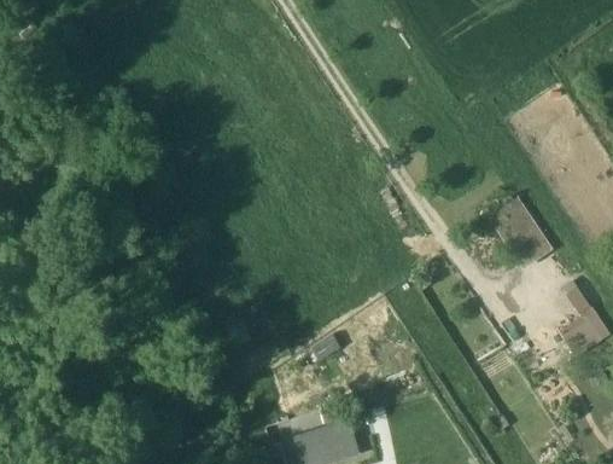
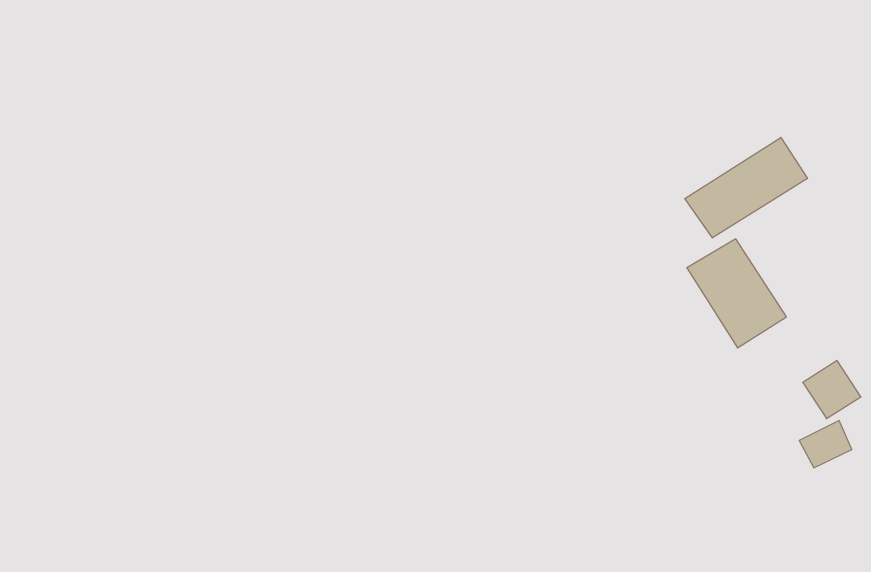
building: none -> [685,137,807,238]

